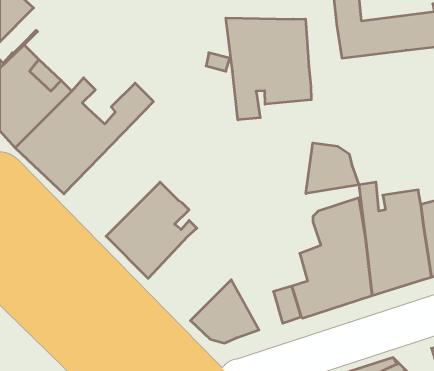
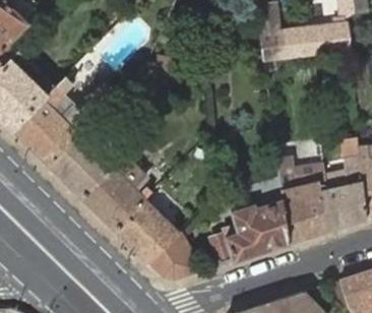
building: [226,18,311,120] -> none
building: [306,143,359,194] -> none
building: none -> [50,127,124,198]
building: none -> [115,198,184,263]

